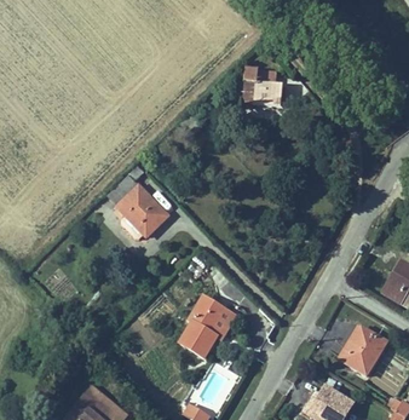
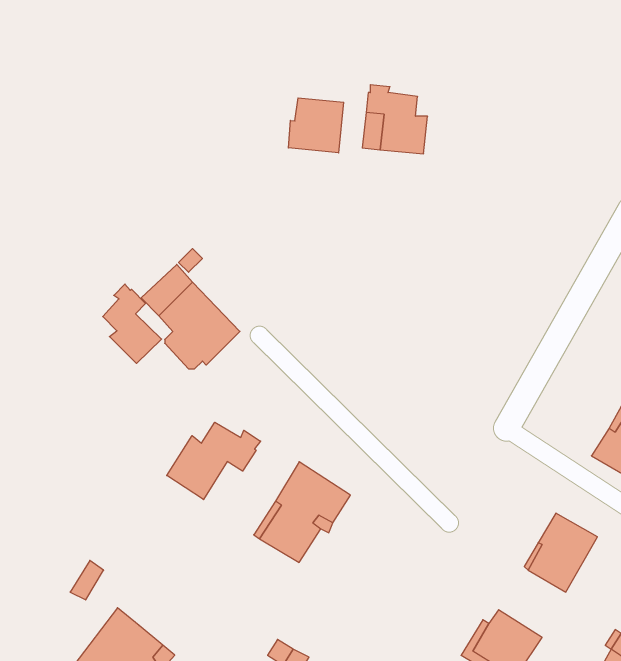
building: none -> [288,98,344,153]
building: none -> [103,284,162,363]
building: none -> [167,422,261,500]

